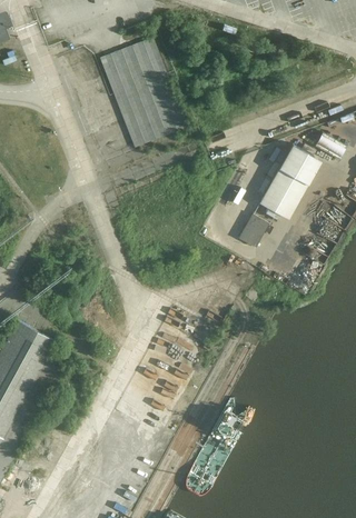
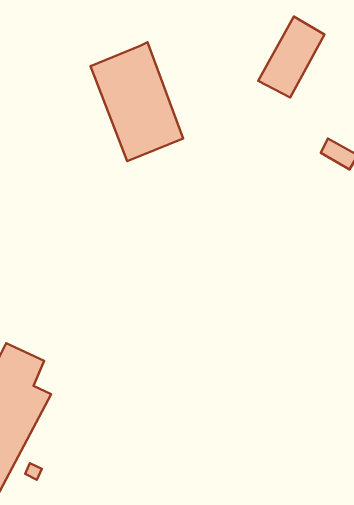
building: [258,145,320,220] -> [258,17,325,97]
building: [239,213,268,247] -> none

